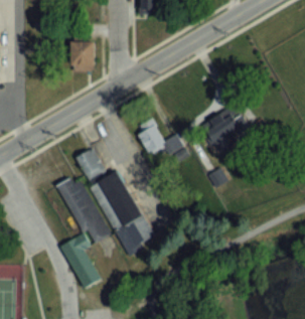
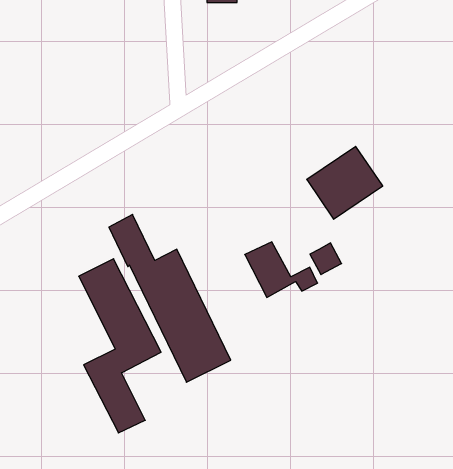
building: [71,42,97,71] -> none
building: [137,120,183,155] -> [245,242,318,297]

